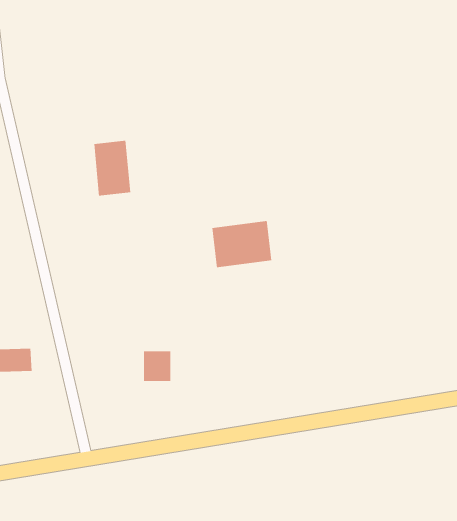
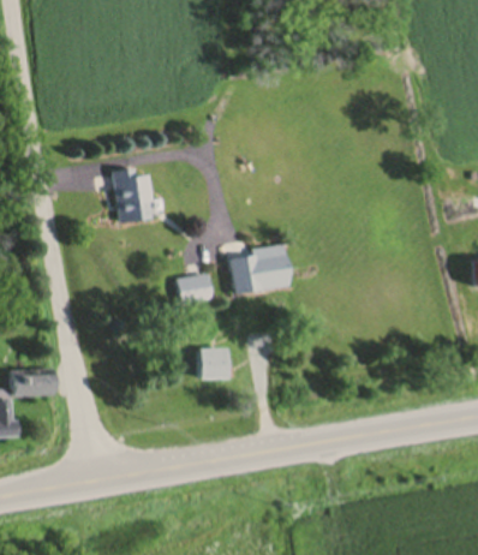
building: none -> [178,274,213,304]
building: [143,351,171,381] -> [199,348,227,378]

